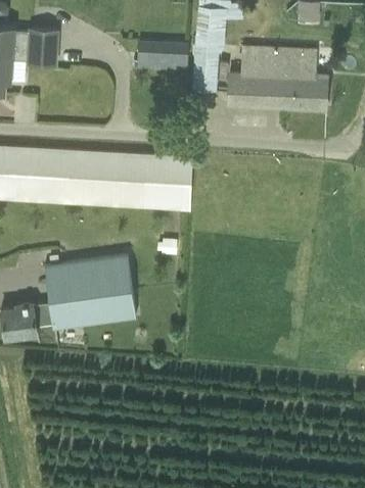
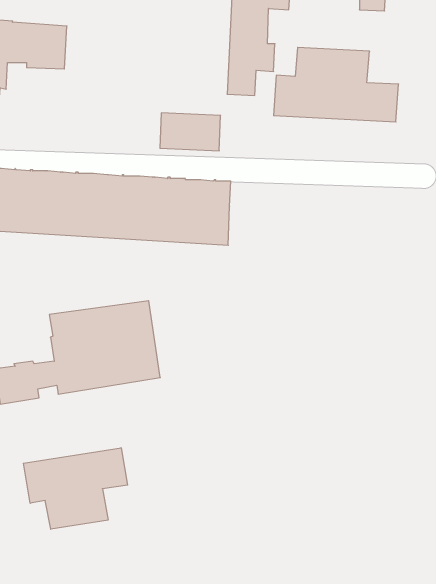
building: [140,40,189,70] -> [160,113,221,151]
building: none -> [23,448,128,529]

